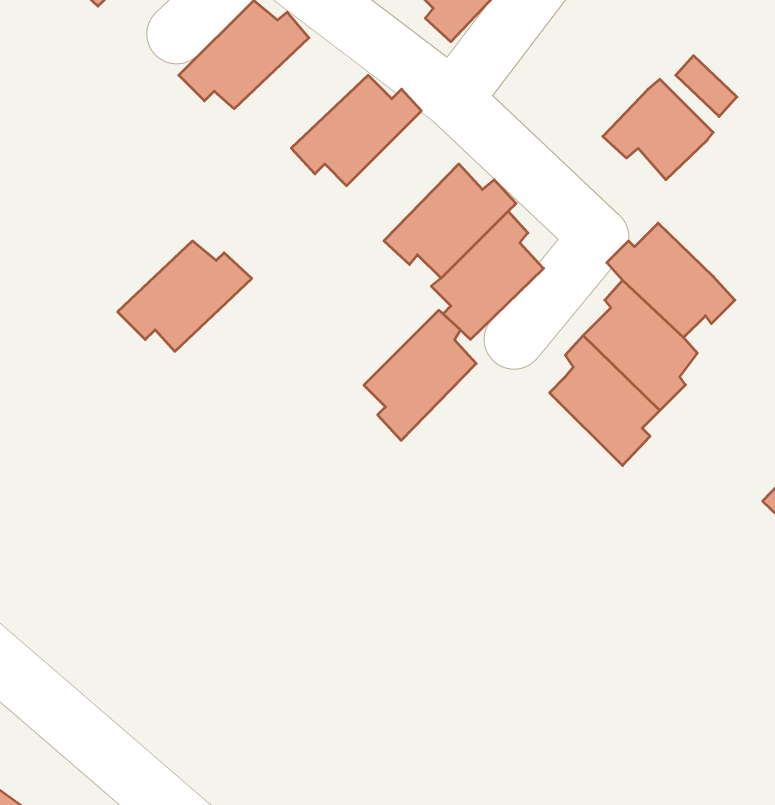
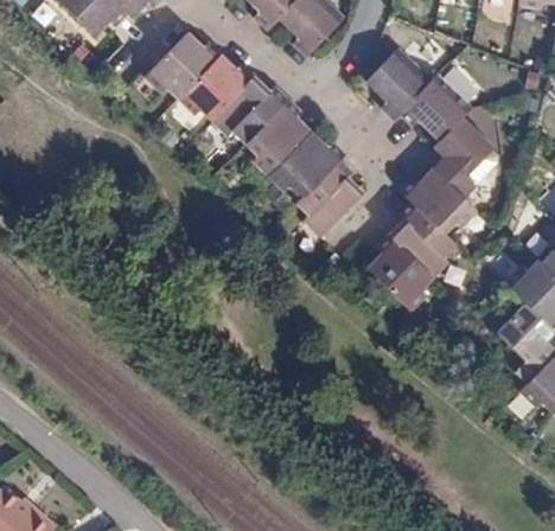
building: none -> [368,53,427,121]
building: none -> [433,116,495,198]
building: [118,241,252,351] -> [178,55,259,121]
building: [364,310,476,440] -> [245,98,313,177]

